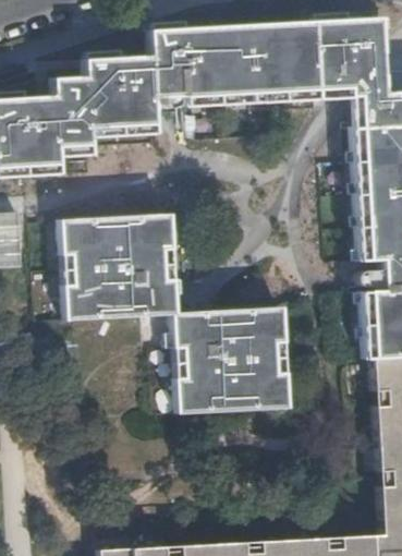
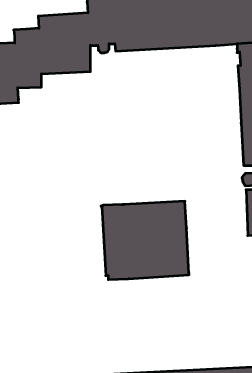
building: [58,218,172,322] -> none

